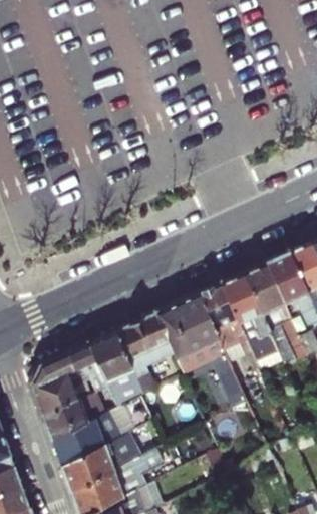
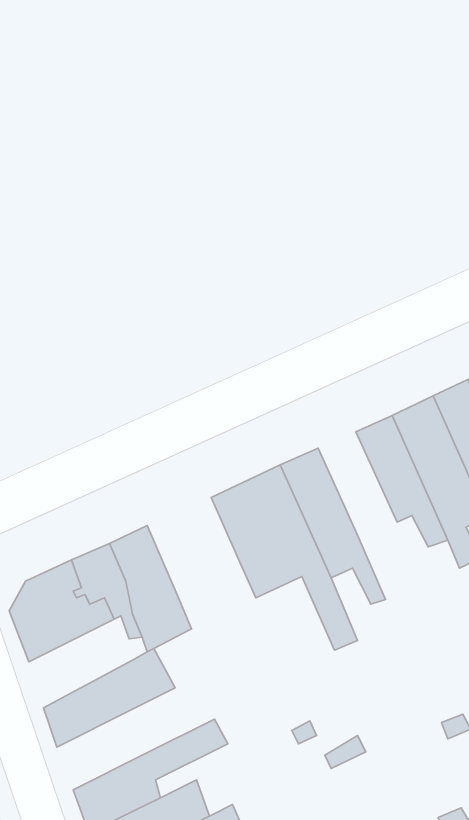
building: [223,274,279,353] -> none
building: [118,314,177,375] -> none
building: [46,389,109,443] -> none
building: [63,445,117,493] -> none

